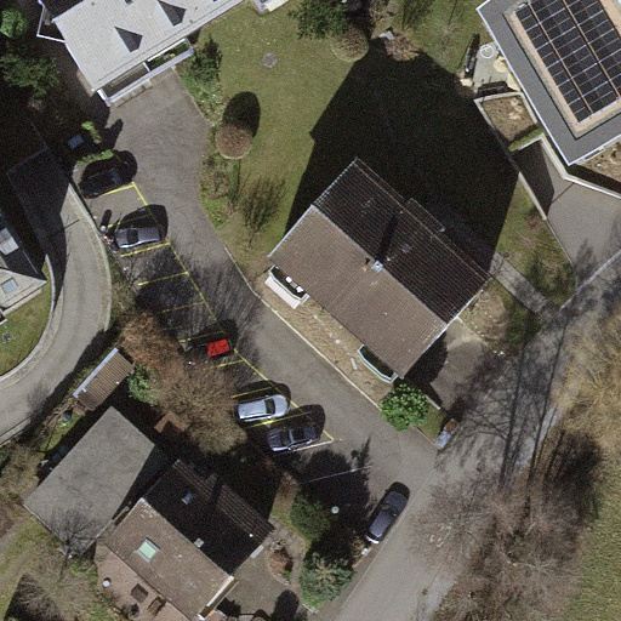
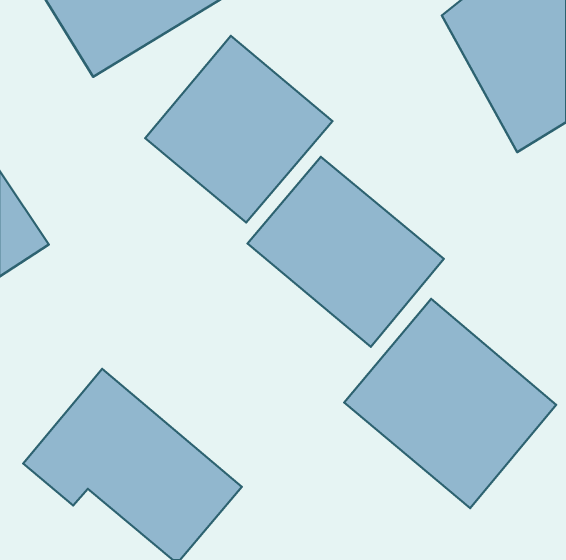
building: none -> [145,36,332,223]
building: none -> [344,299,556,508]

